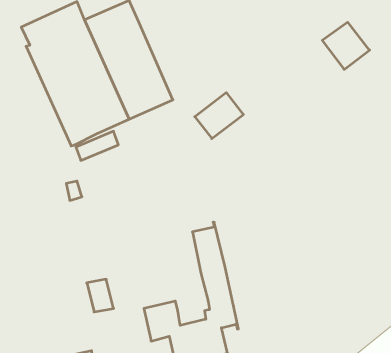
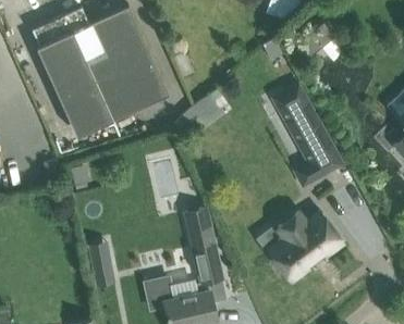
building: none -> [280,83,342,173]
building: none -> [268,209,343,281]

